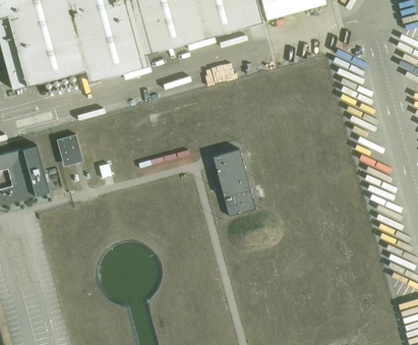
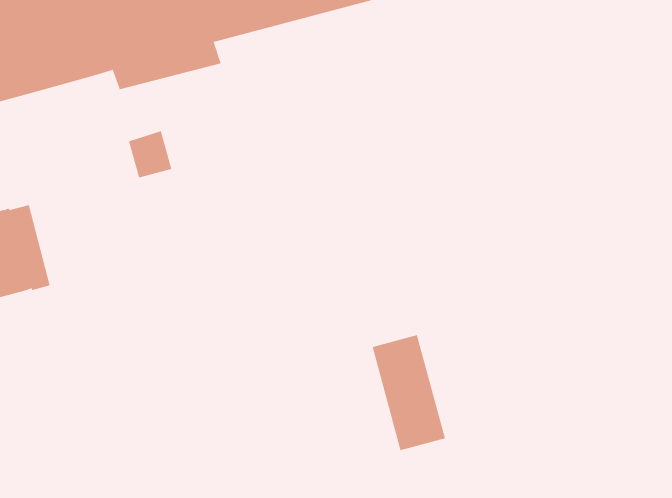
building: [56,134,81,162] -> [128,131,172,178]
building: [213,150,255,217] -> [372,335,446,451]

